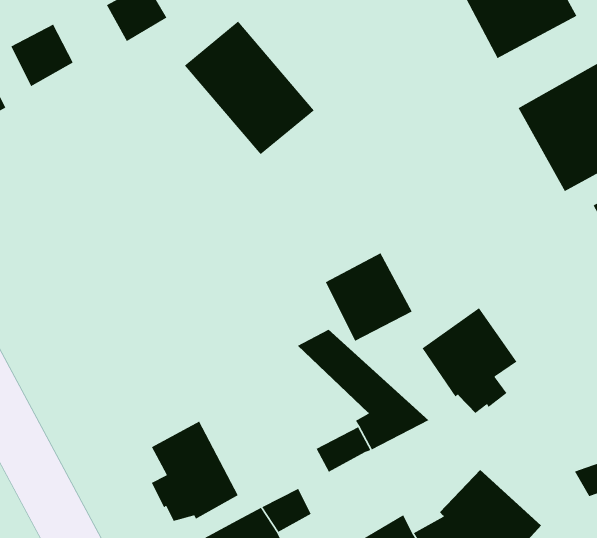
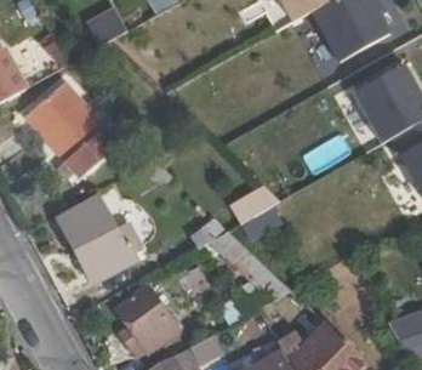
building: [184,20,315,155] -> [29,84,114,171]
building: none -> [57,194,137,279]
building: [421,307,517,414] -> none

